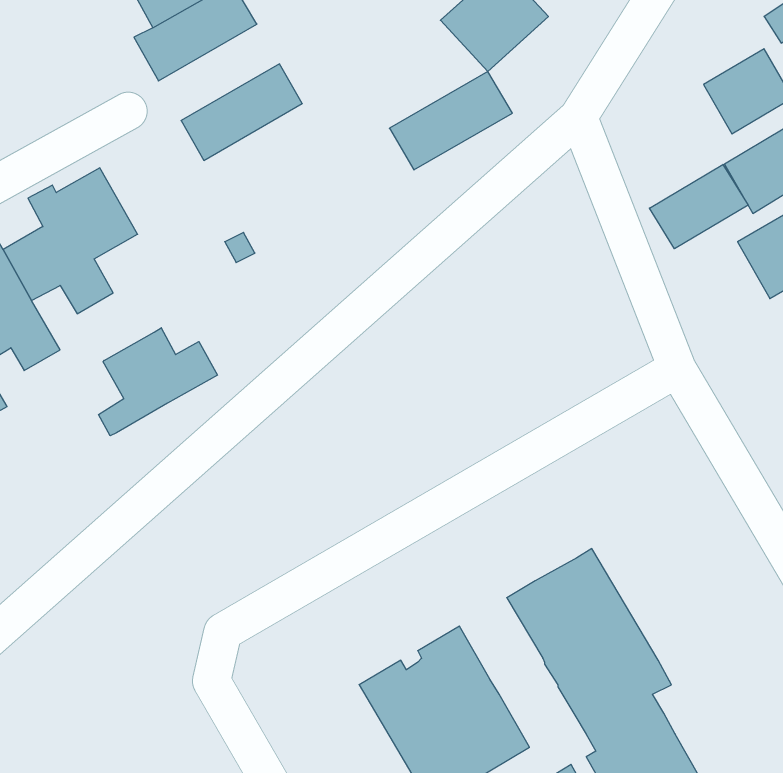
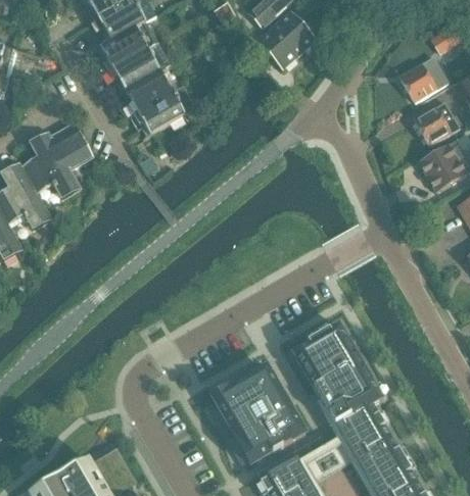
building: none -> [104,43,170,95]
building: [389,71,512,170] -> [129,86,195,139]
building: [649,164,748,249] -> none
building: [99,328,217,436] -> none

